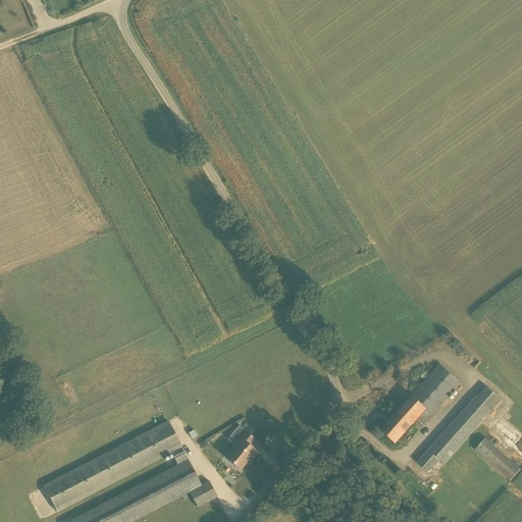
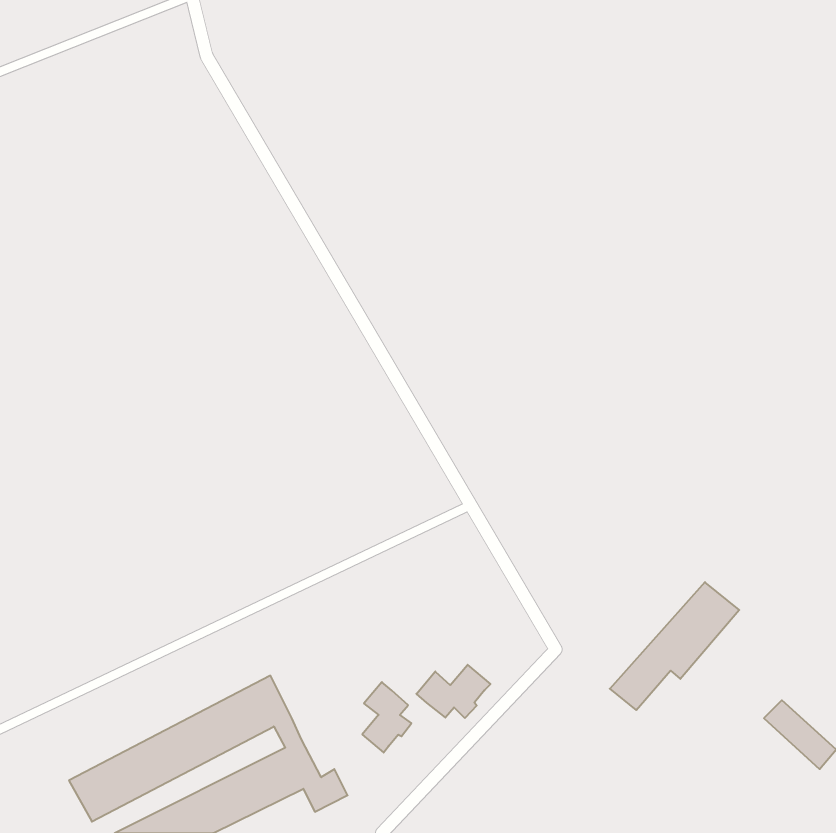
building: [416,383,502,470] -> none
building: none -> [416,665,490,718]

